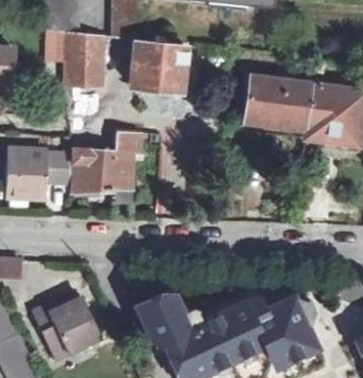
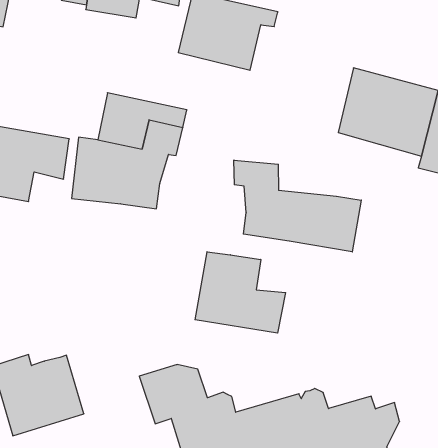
building: [64,62,101,85] -> none
building: none -> [234,160,361,252]
building: none -> [195,252,286,333]

